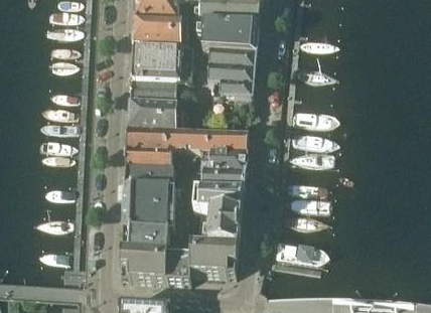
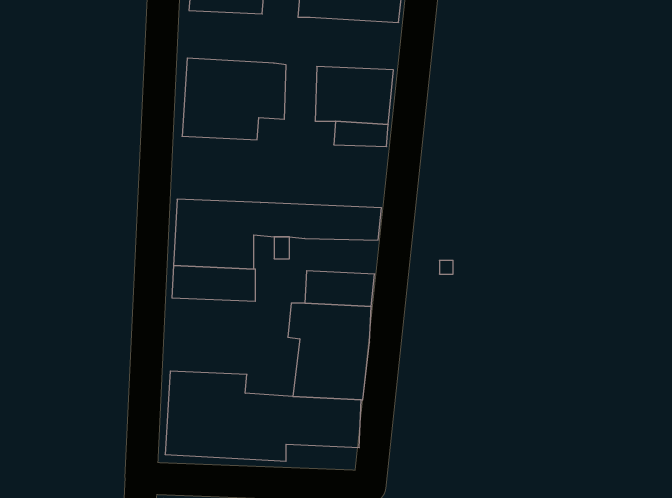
building: [133,15,186,46] -> none
building: [203,19,258,50] -> none
building: [127,90,177,129] -> none
building: [201,150,246,171] -> none
building: [123,185,174,230] -> none

